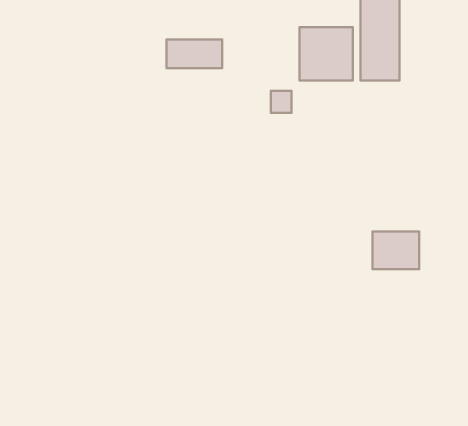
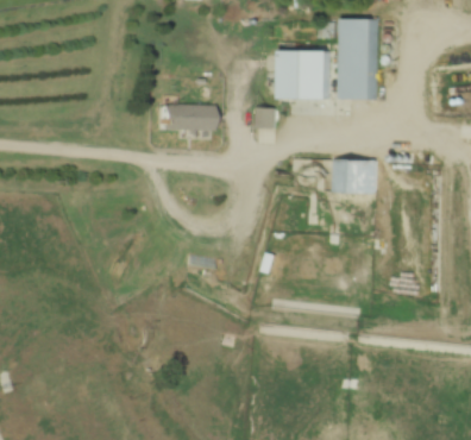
building: [166,40,222,68] -> [161,105,212,131]
building: [372,232,419,269] -> [334,159,377,194]

